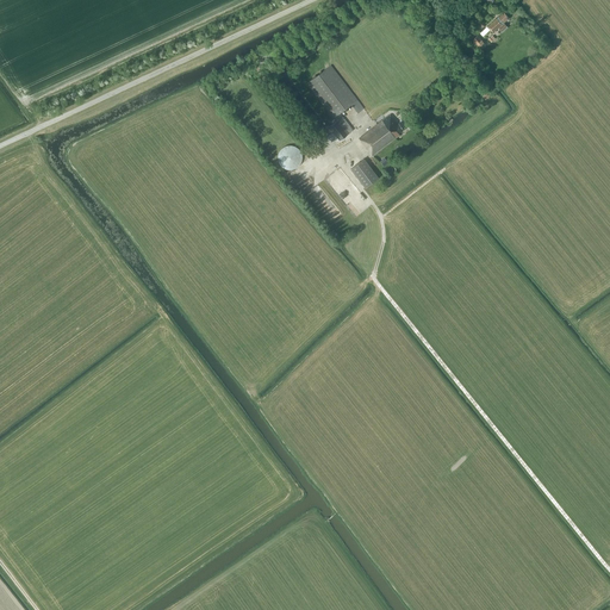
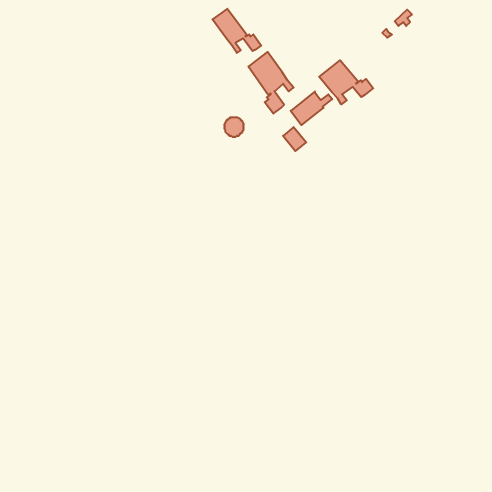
building: none -> [212,9,261,53]
building: none -> [319,60,373,104]

